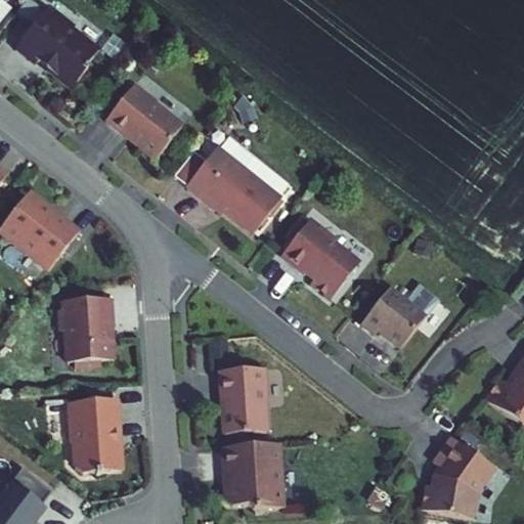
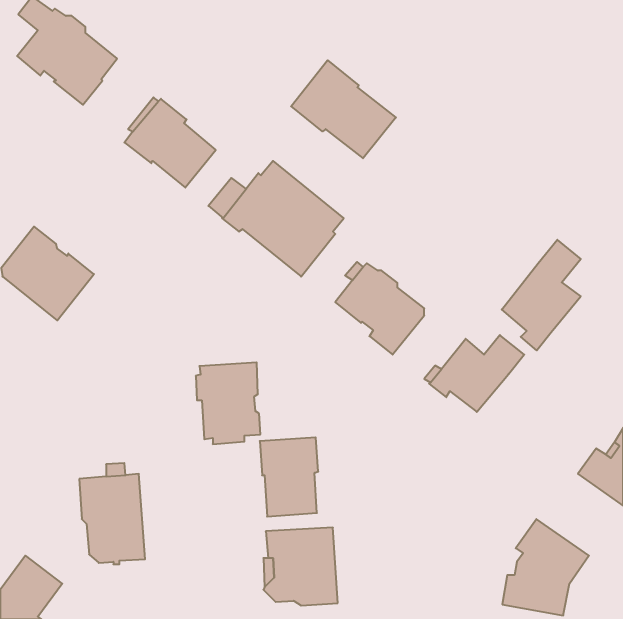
building: none -> [291,60,396,158]
building: none -> [502,240,581,350]
building: [59,298,114,366] -> [196,362,260,444]

